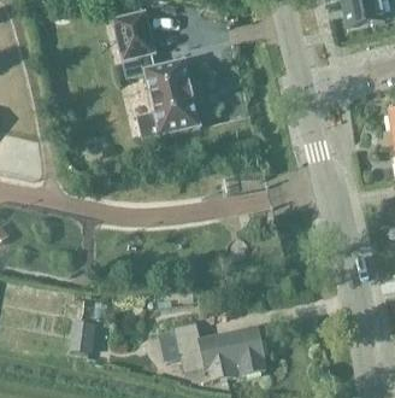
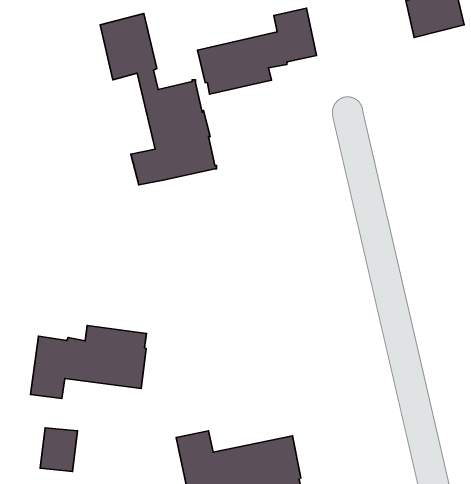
building: none -> [198,8,317,94]
building: none -> [31,325,146,399]

